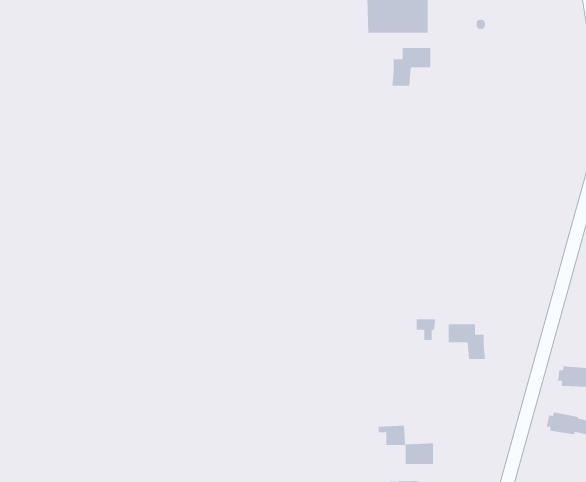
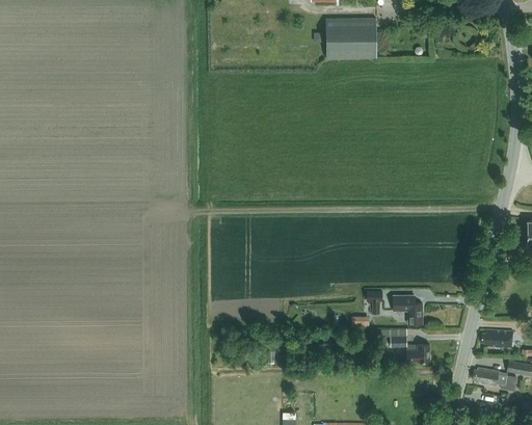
building: [392,47,431,87] -> none
building: [378,425,434,465] -> [384,329,430,362]

